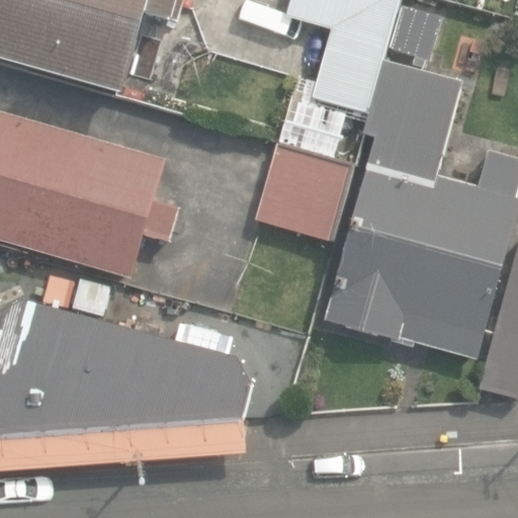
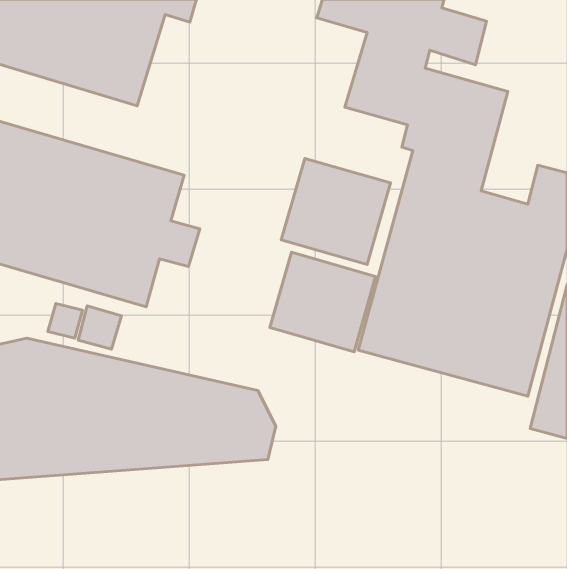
building: none -> [270,252,376,352]

